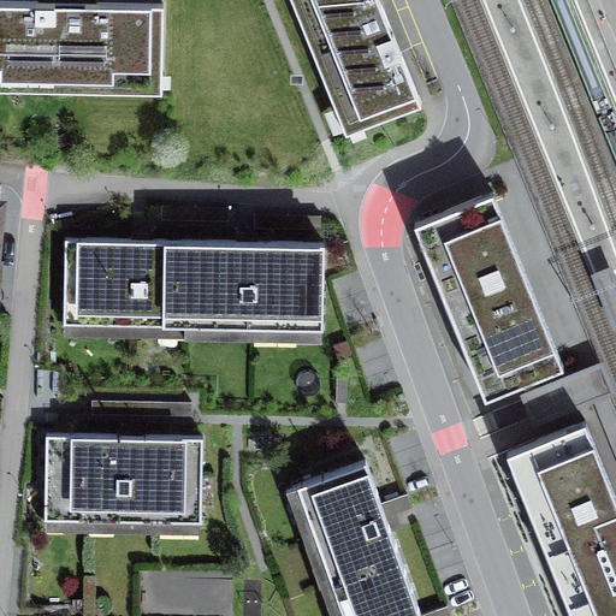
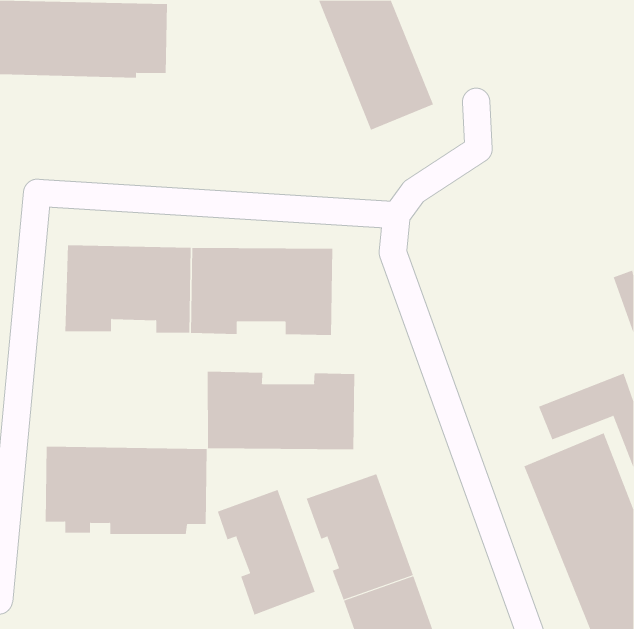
building: [414,196,563,401] -> none
building: none -> [207,371,355,450]
building: none -> [217,489,316,615]

